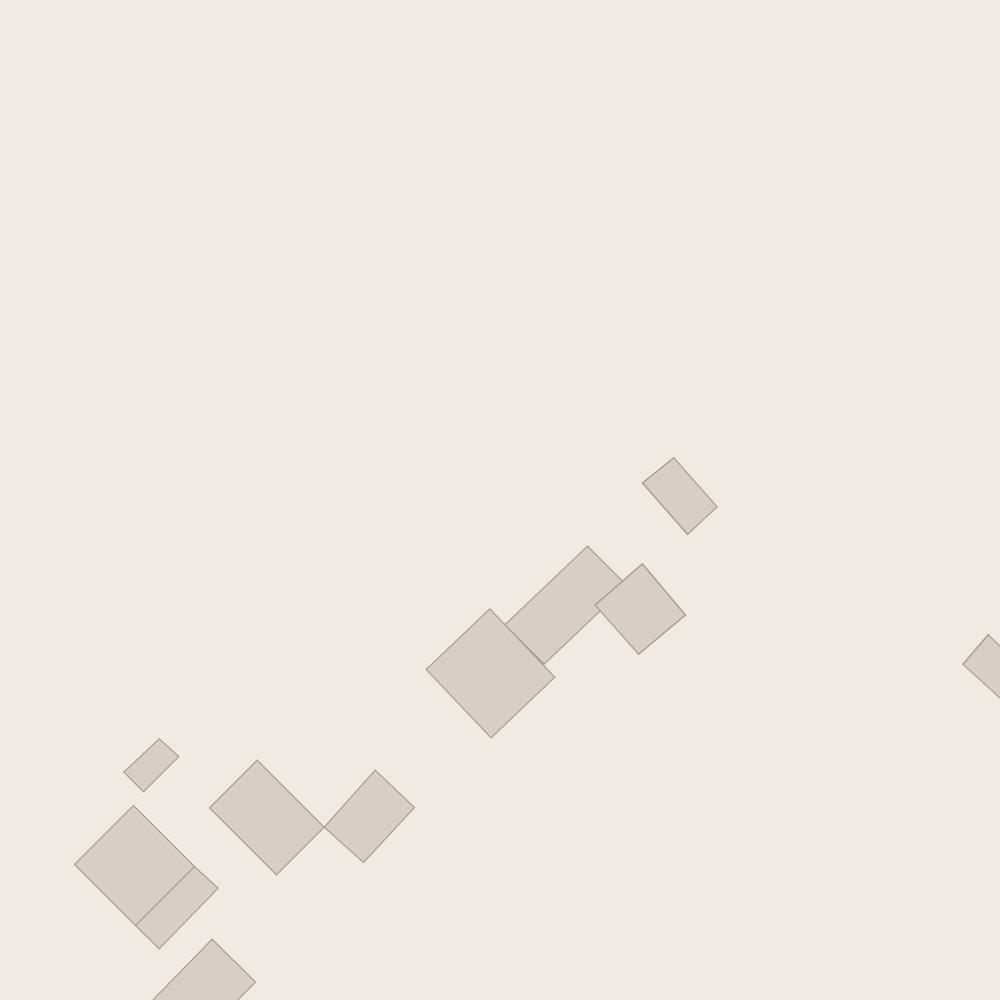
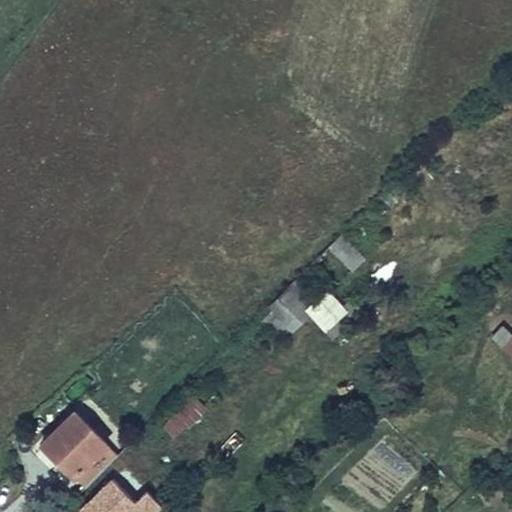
building: [426,609,555,738] -> none
building: [209,760,324,875] -> none

